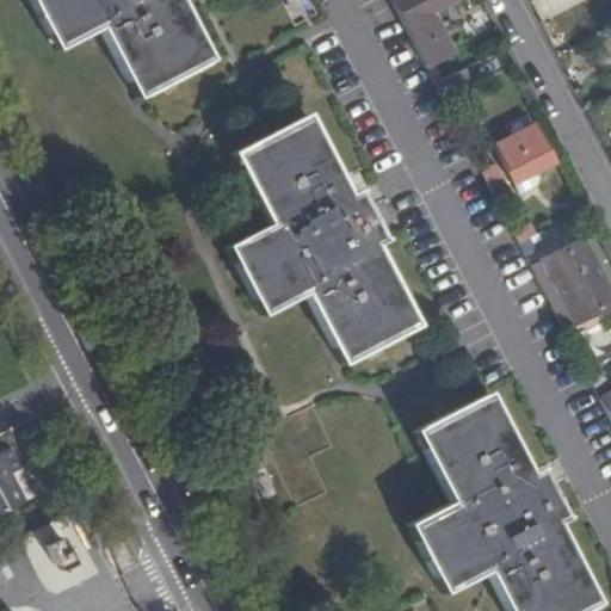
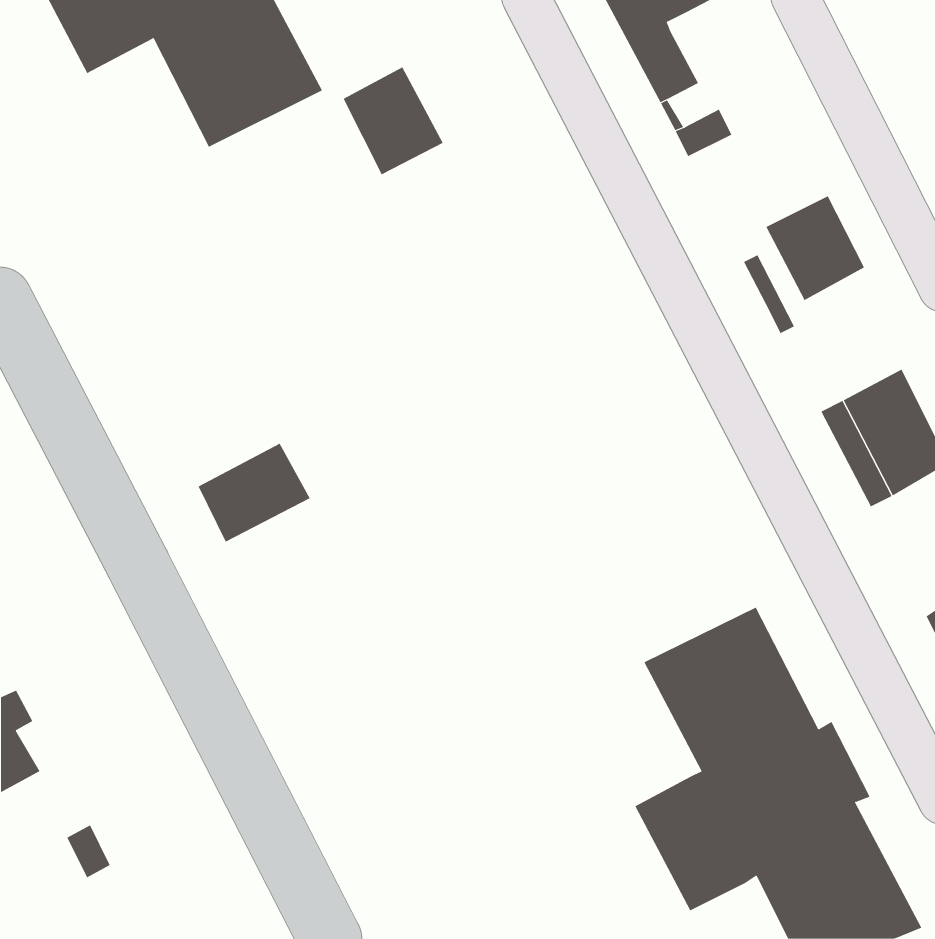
building: none -> [343,67,443,175]
building: [233,113,418,360] -> none
building: none -> [198,443,310,542]

